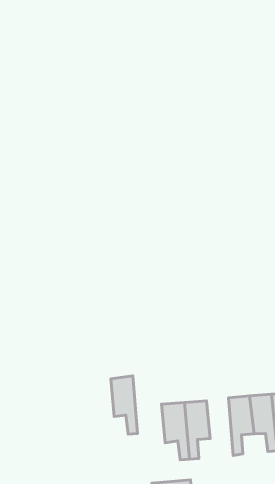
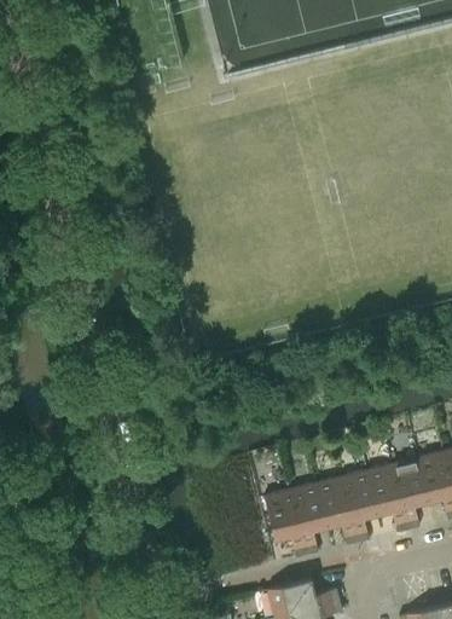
building: [111,376,138,434] -> [315,476,357,545]

